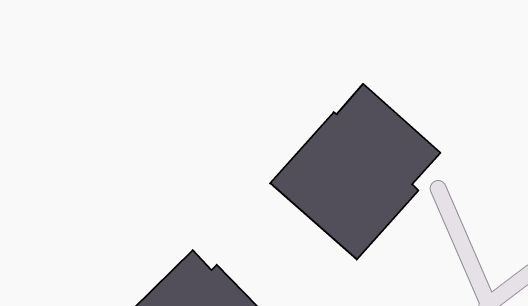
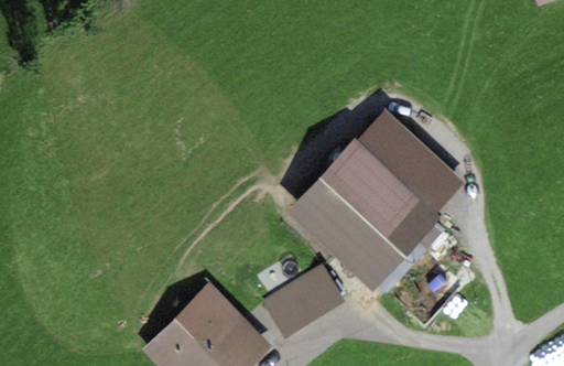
building: none -> [261,262,345,337]

